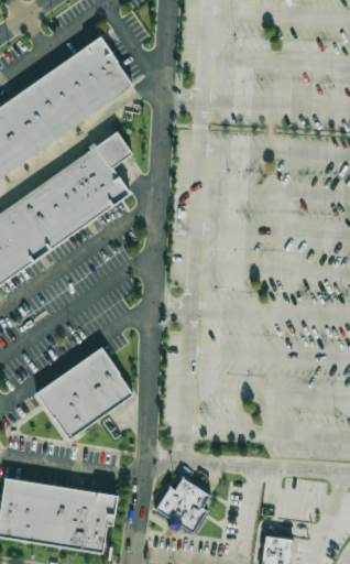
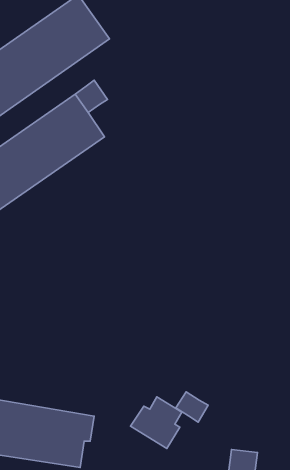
building: [36,348,133,438] -> none
building: none -> [176,392,208,422]

